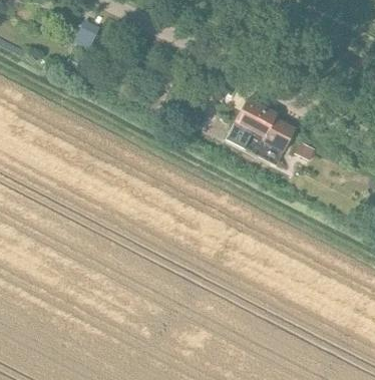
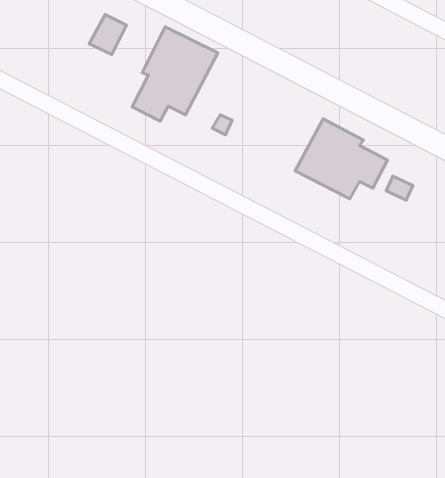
building: none -> [132,27,218,121]

